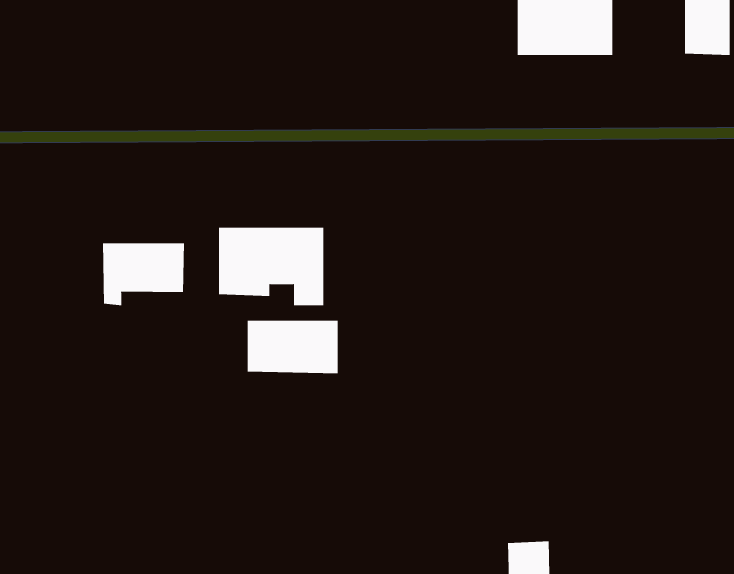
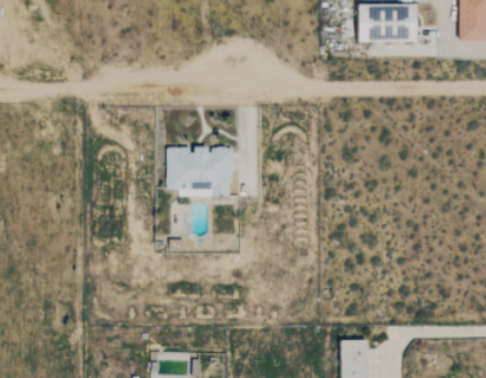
building: [103,242,184,306] -> none
building: [247,320,338,374] -> none

